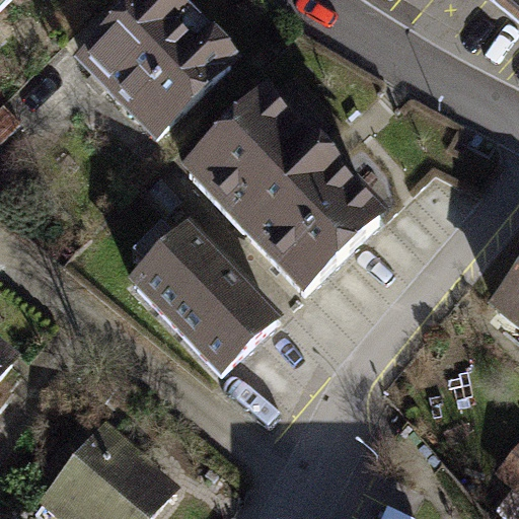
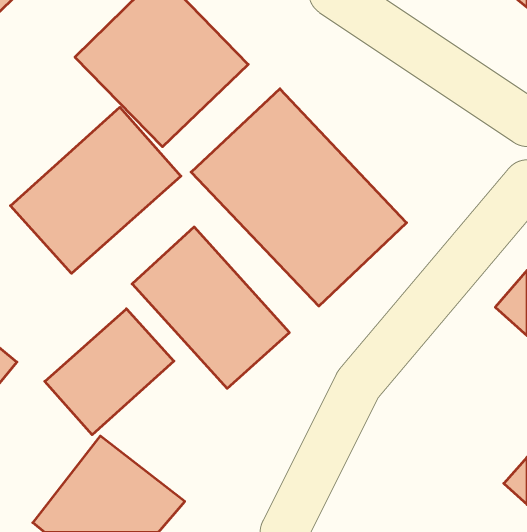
building: none -> [10,107,181,273]
building: none -> [45,309,174,435]

